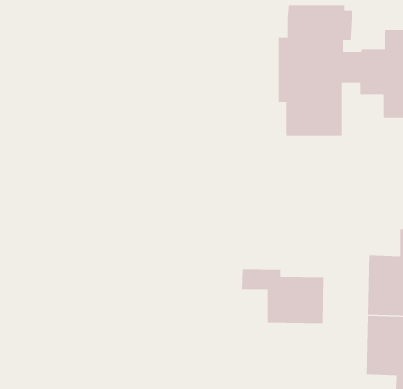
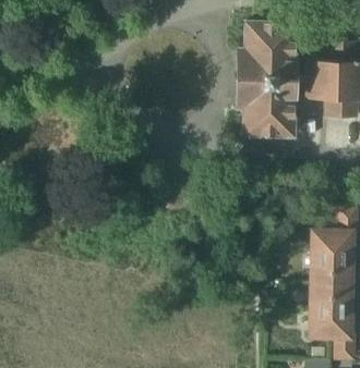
building: [241,269,324,324] -> none

